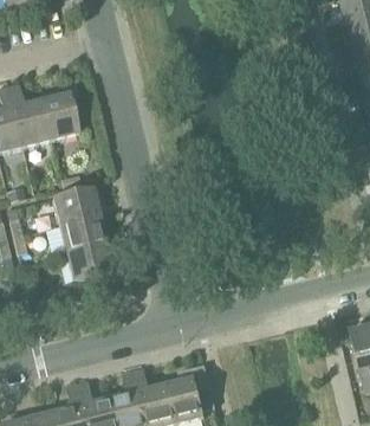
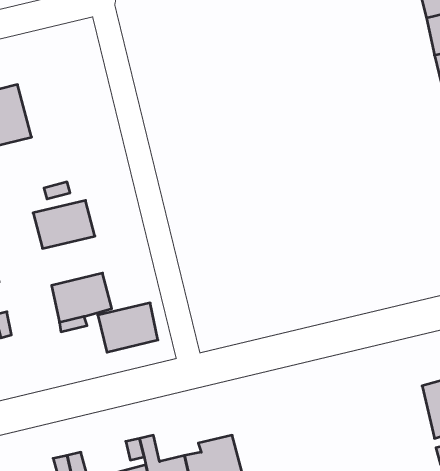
building: [40,91,78,138] -> none
building: [59,214,105,252] -> [98,303,158,352]

